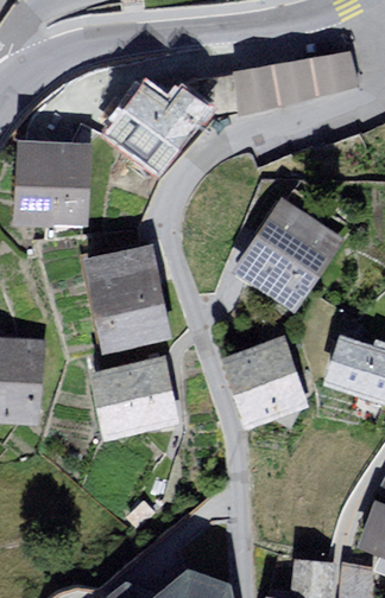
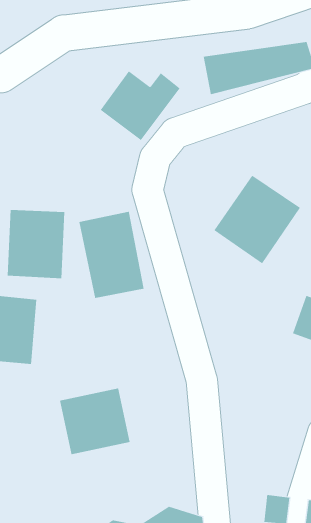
building: [15,142,81,220] -> [7,210,65,279]
building: [225,343,303,422] -> none
building: [94,360,173,434] -> [59,388,130,455]

